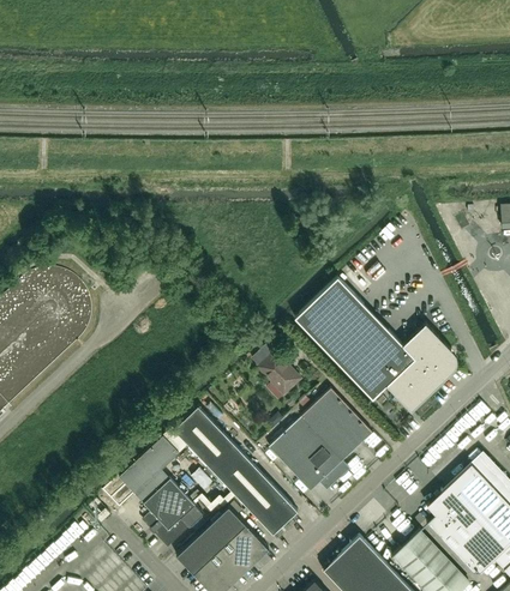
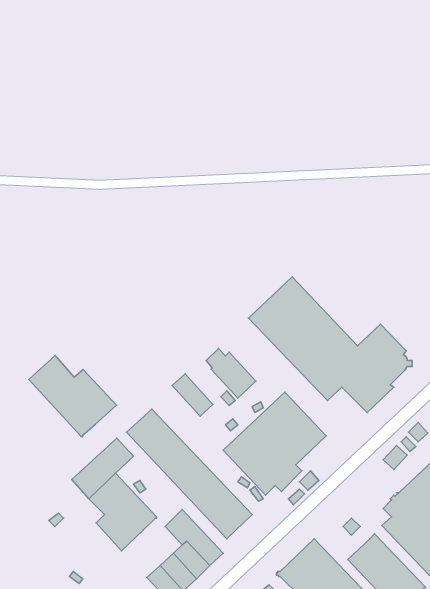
building: none -> [29,355,117,437]
building: none -> [172,374,213,416]
building: [175,524,228,574] -> none

